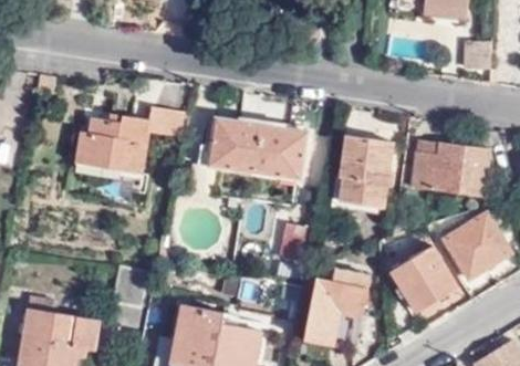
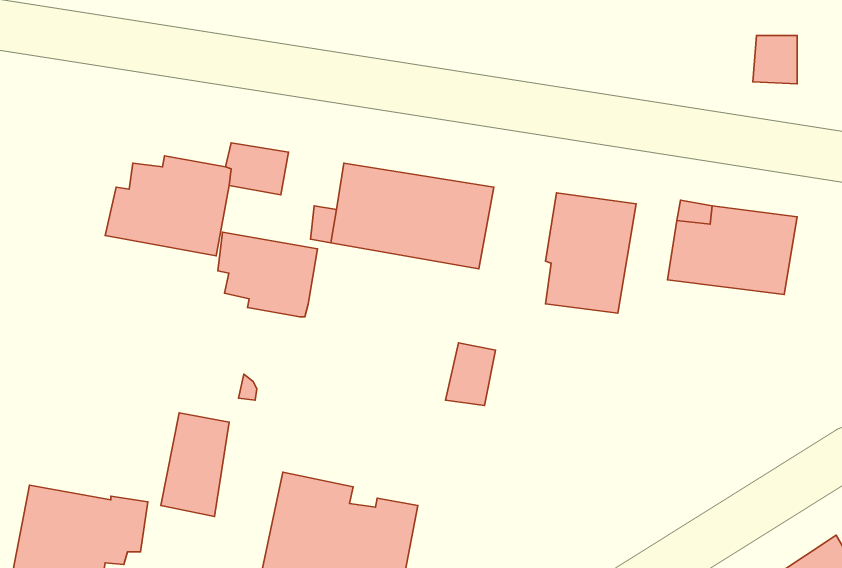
building: none -> [218,232,318,317]
building: [445,213,510,278] -> none
building: [392,248,455,311] -> none
building: [304,272,368,343] -> none

